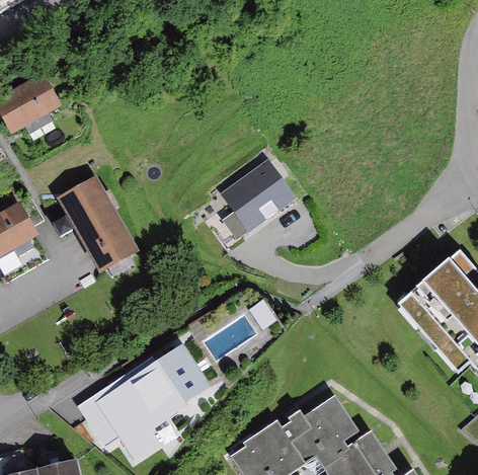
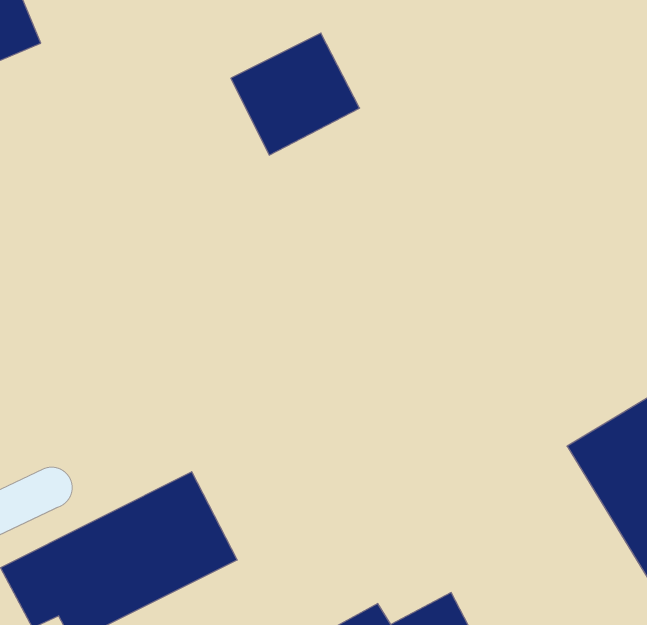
building: [212,163,289,238] -> [231,33,360,155]
building: [58,177,137,269] -> none

